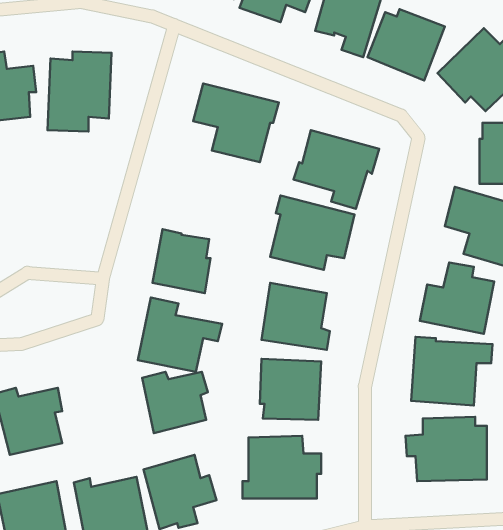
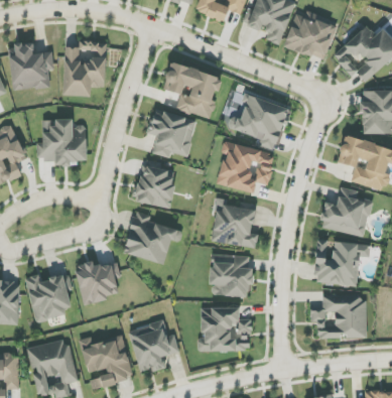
building: none -> [148,109,195,156]
building: none -> [36,119,86,162]
building: [142,372,208,433] -> [75,261,120,303]

